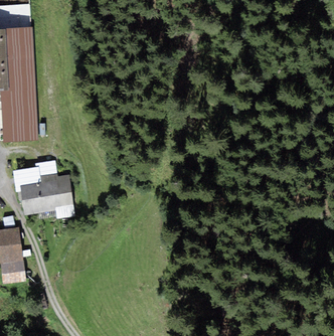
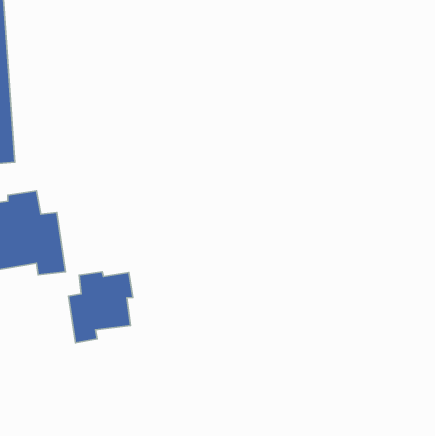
building: none -> [69,272,133,343]

